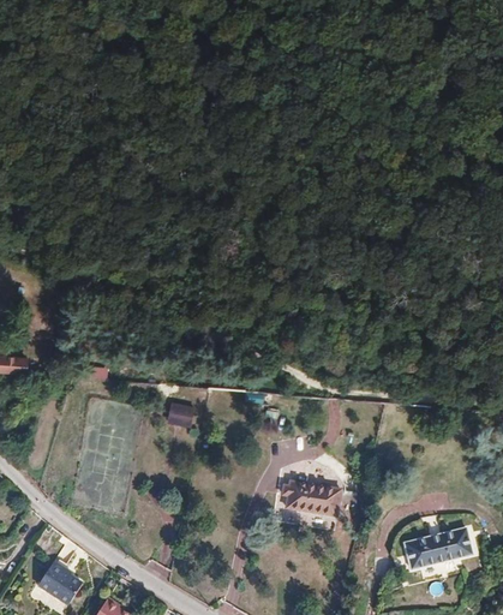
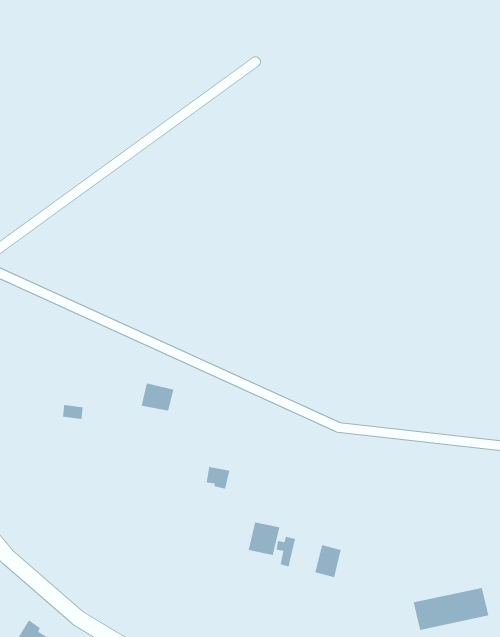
building: [167,399,197,424] -> [141,383,174,411]
building: [292,486,321,517] -> [248,522,280,555]

